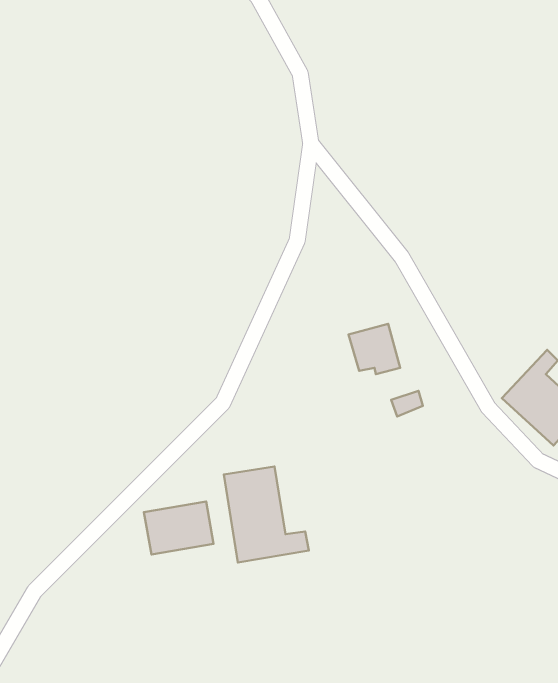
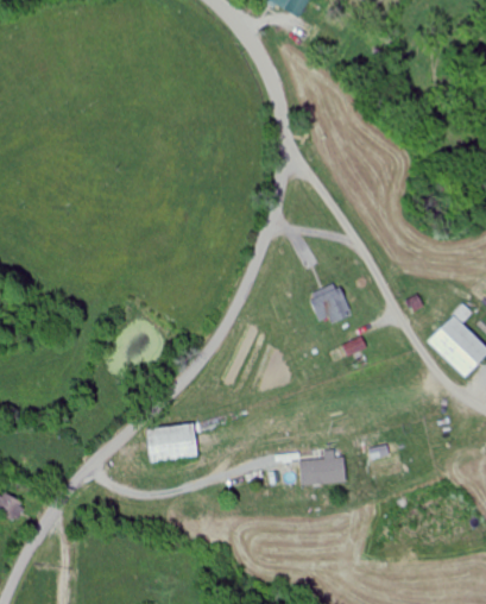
building: [224,467,309,562] -> none
building: none -> [298,449,345,485]

